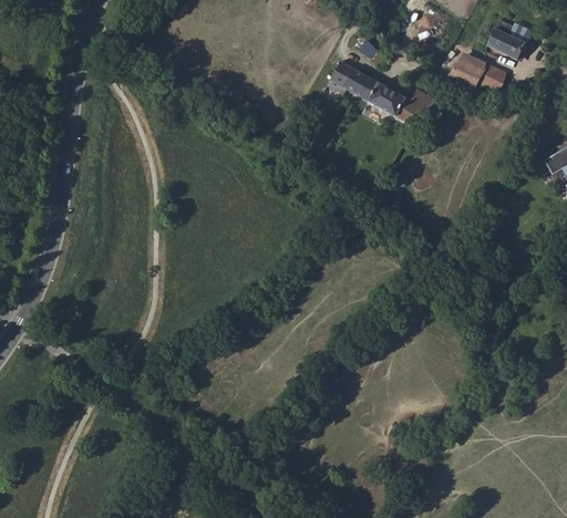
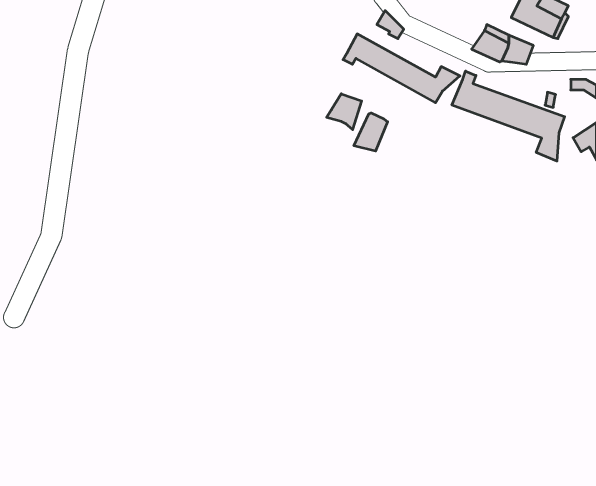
building: none -> [452,71,565,161]
building: none -> [327,94,362,130]
building: none -> [354,113,388,151]

